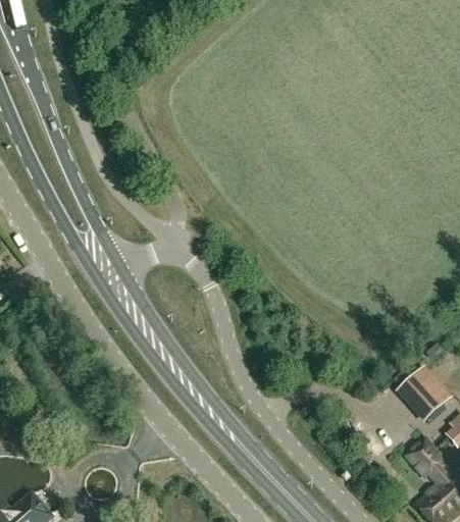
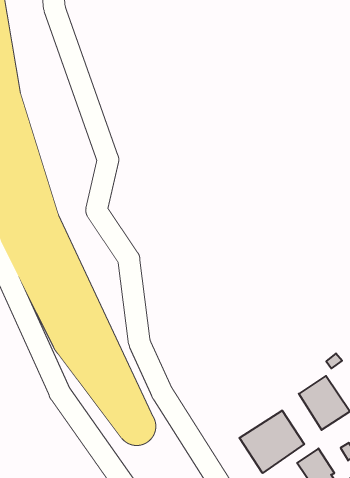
building: none -> [239,410,304,473]

